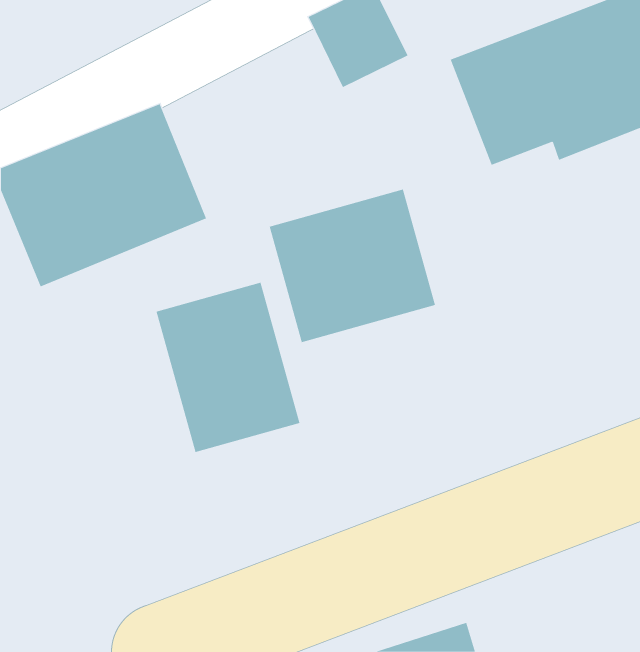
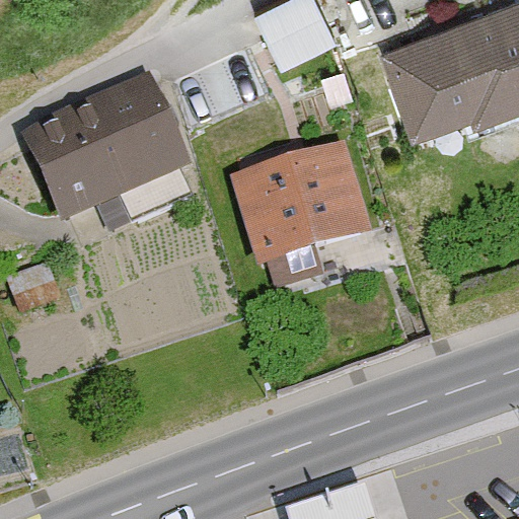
building: [156,282,300,453] -> none

